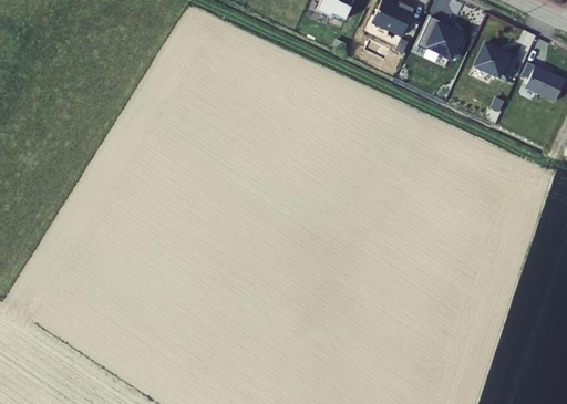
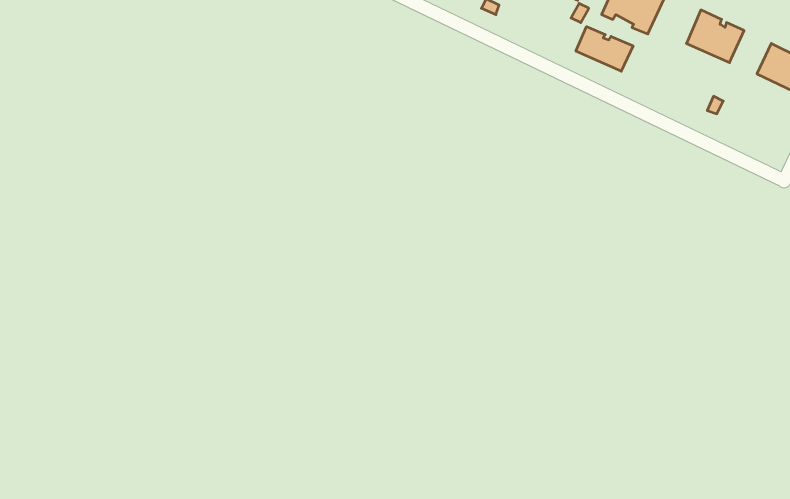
building: none -> [576,27,633,71]

